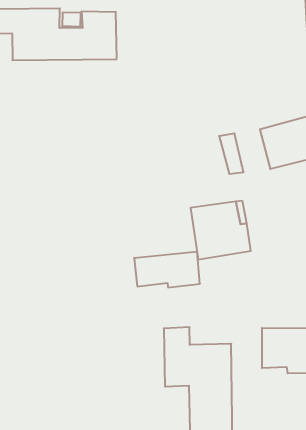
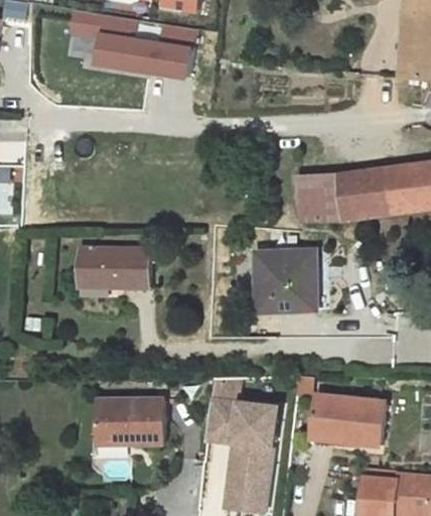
building: none -> [310,174,344,219]
building: [134,252,200,287] -> [78,250,147,286]
building: none -> [96,396,162,440]

